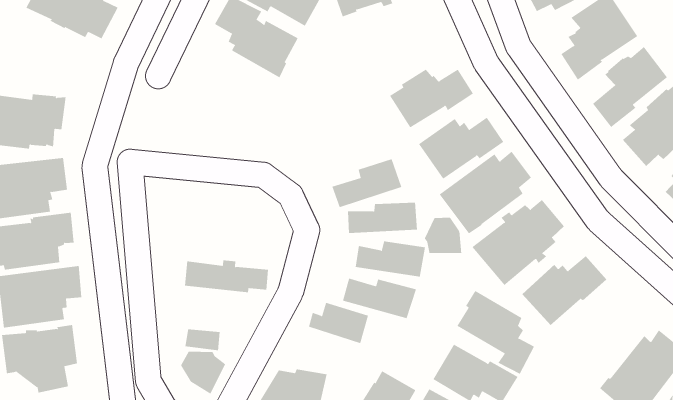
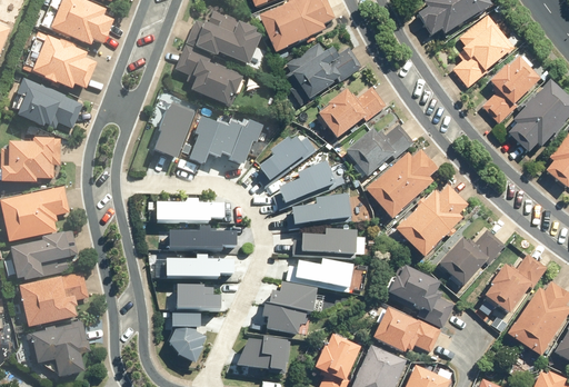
building: none -> [286,42,362,105]
building: none -> [14,75,82,127]
building: none -> [154,106,193,160]
building: none -> [189,116,262,166]
building: none -> [254,133,309,183]
building: none -> [157,200,226,222]
building: [424,217,462,254] -> none
building: none -> [169,228,238,250]
building: none -> [486,252,548,314]
building: none -> [178,286,222,311]
building: none -> [260,306,306,337]

